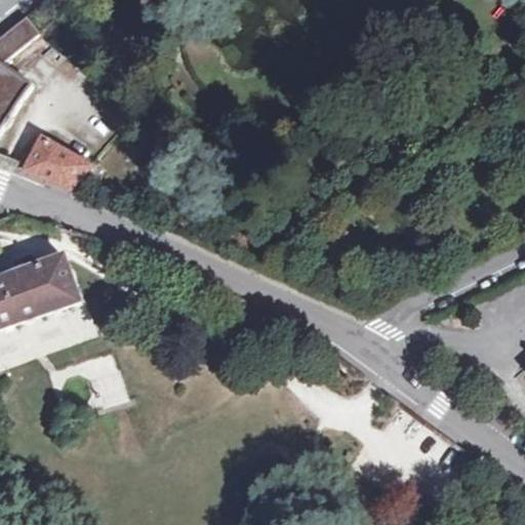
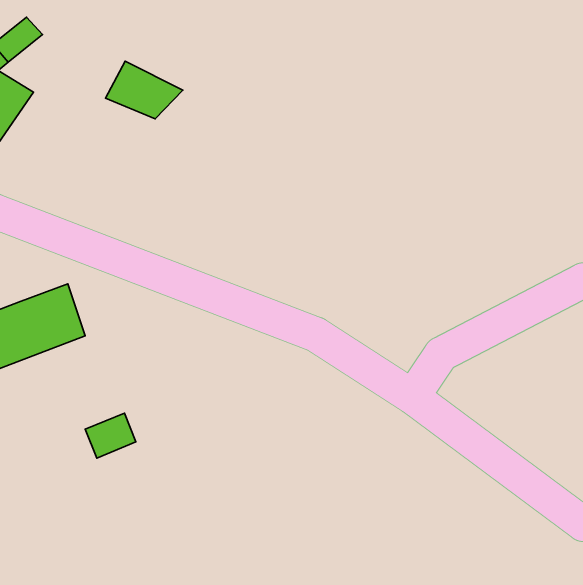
building: [23,136,91,188] -> [105,61,183,119]

